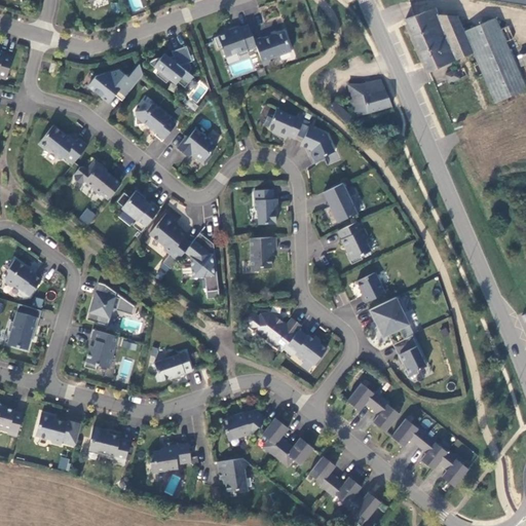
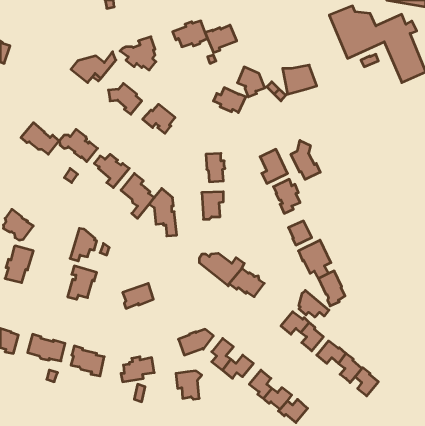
building: [42,120,89,159] -> [21,123,59,154]
building: [301,125,335,162] -> [237,67,265,97]
building: none -> [291,140,320,179]
building: none -> [299,290,329,317]

